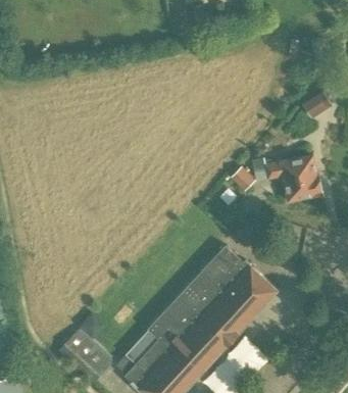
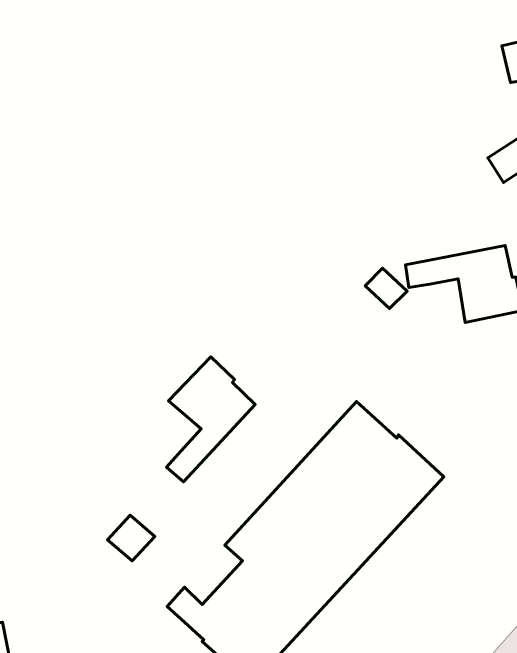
building: none -> [167,357,255,482]
building: [58,331,112,384] -> none

